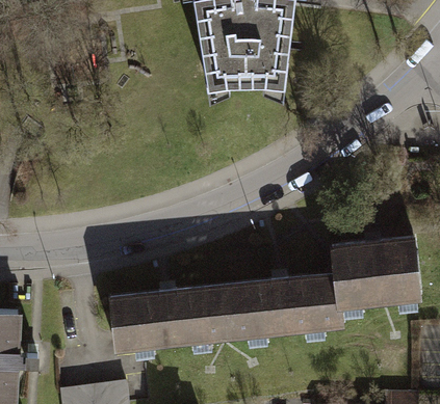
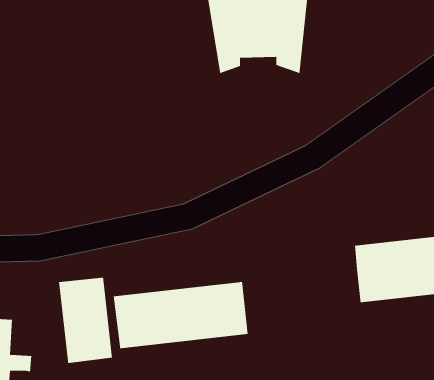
building: [230,272,340,332] -> none
building: none -> [59,277,113,364]

